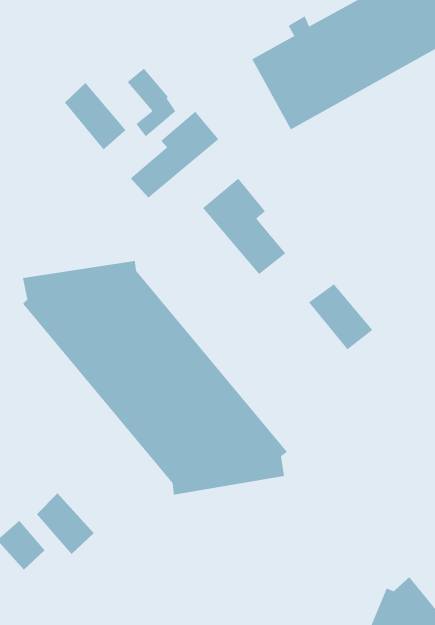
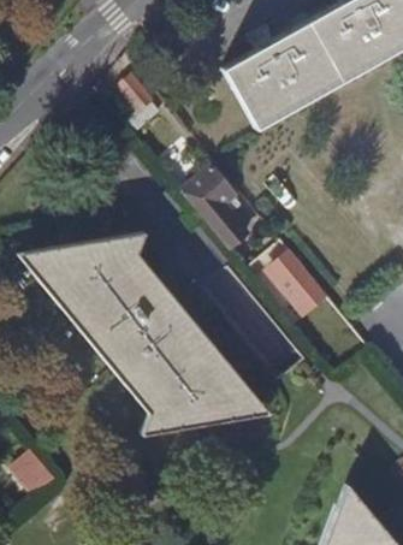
building: [64,82,126,150] -> none
building: [130,111,219,199] -> none
building: [36,492,94,555] -> none

